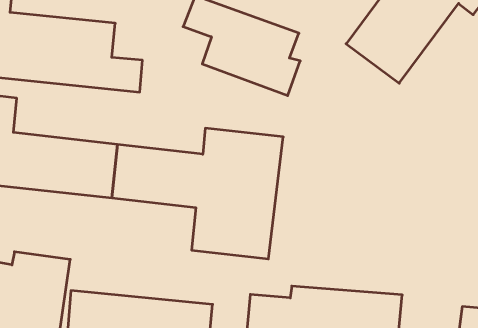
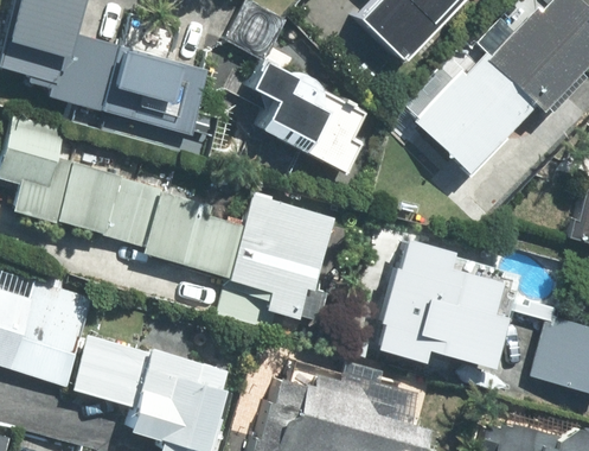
building: none -> [374,236,505,362]

